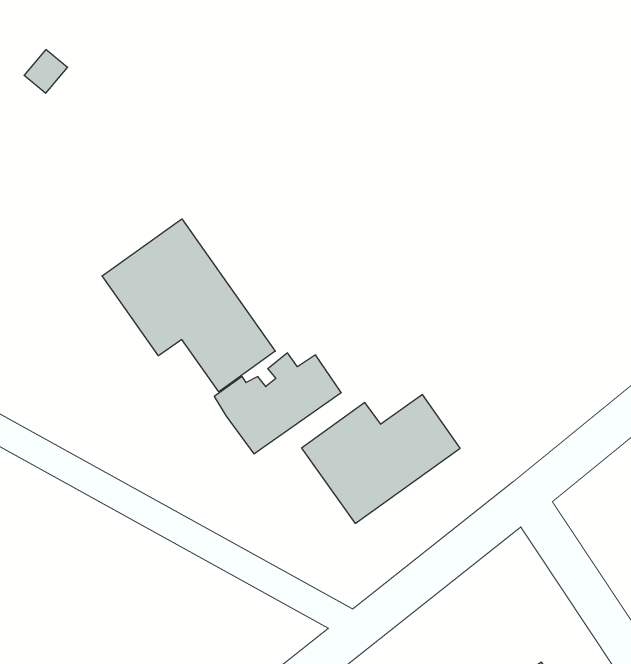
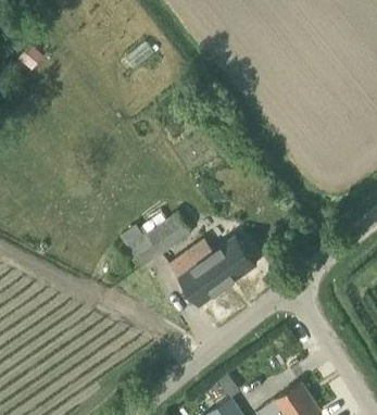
building: [102,219,275,392] -> none

